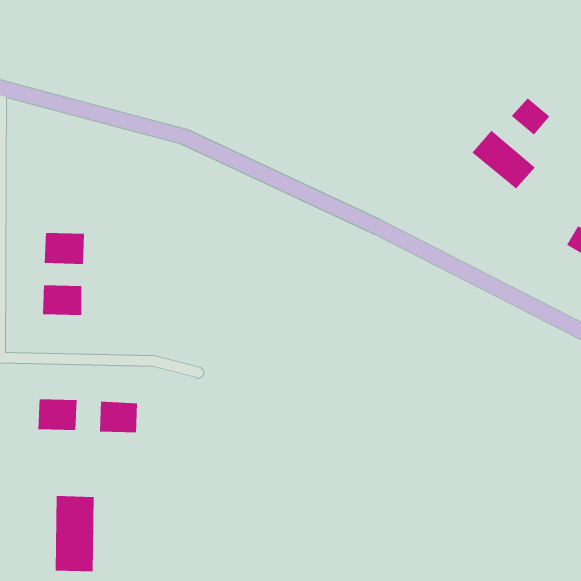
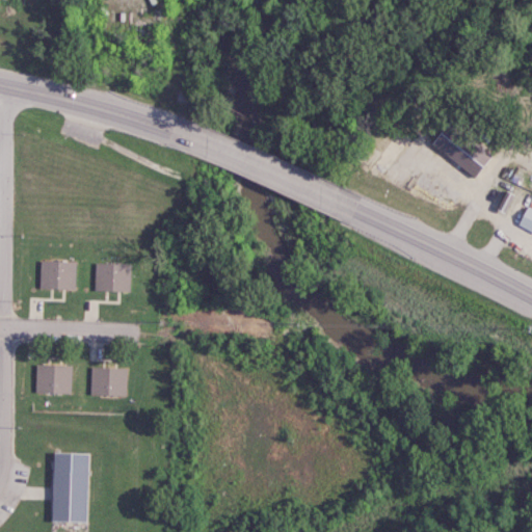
building: [511,97,550,136] -> none
building: [44,232,85,264] -> [95,263,132,292]

